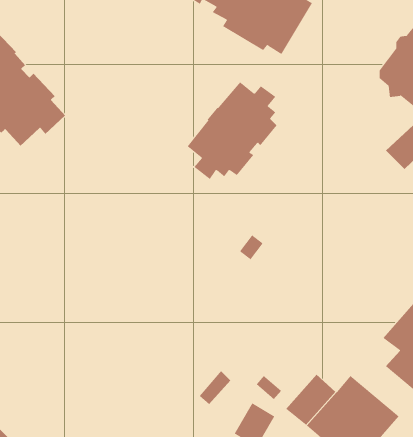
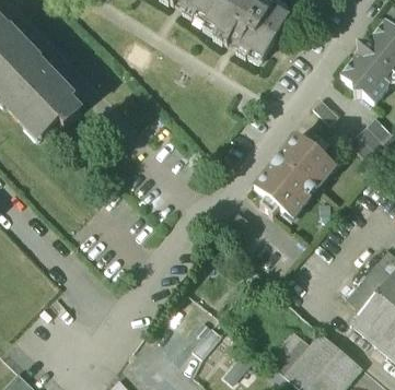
building: [187,81,277,180] -> [255,133,332,216]

